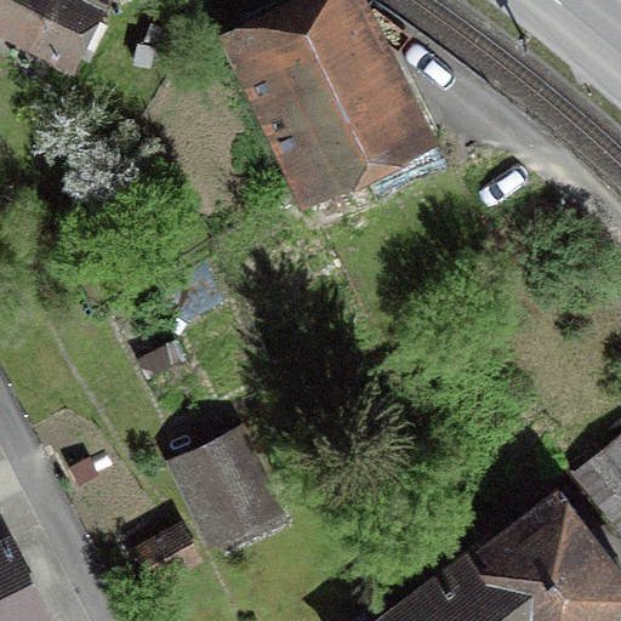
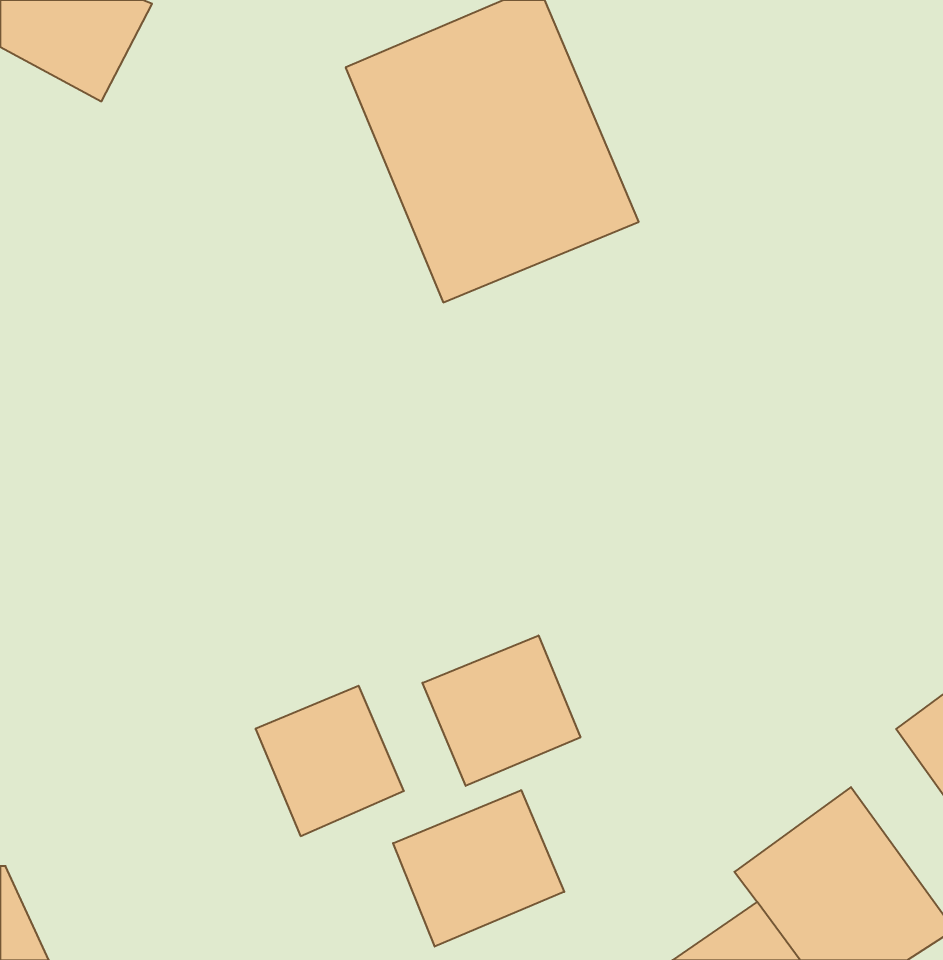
building: none -> [422,635,580,786]
building: none -> [393,790,564,947]

